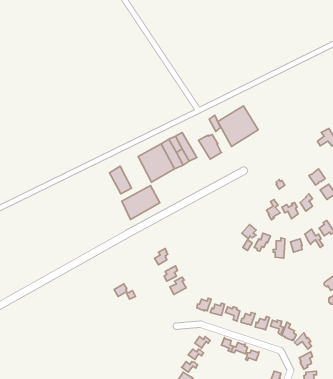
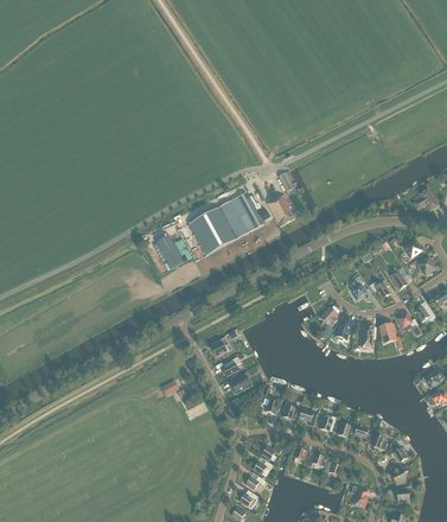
building: [218,106,258,146] -> none
building: [122,186,160,220] -> none

